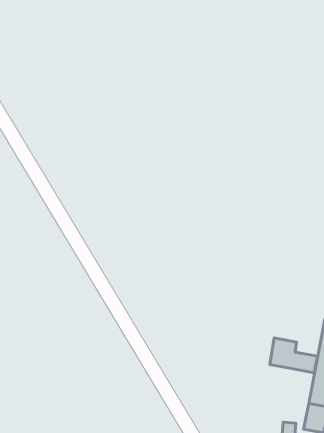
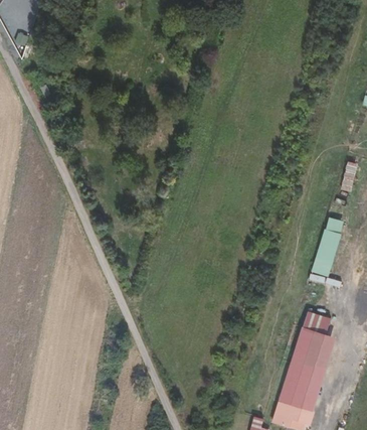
building: [270,338,318,373] -> none

